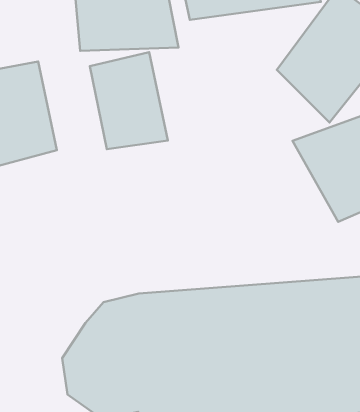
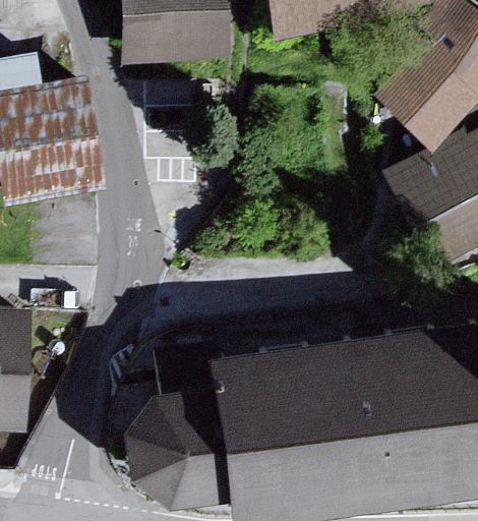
building: [90,52,168,149] -> none

